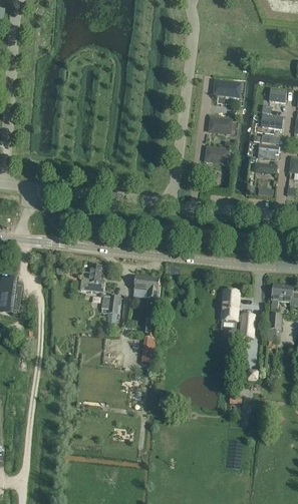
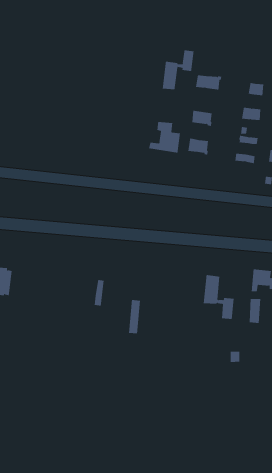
building: none -> [162,49,194,90]
building: none -> [148,121,181,153]
building: [79,264,103,292] -> none
building: [133,276,159,299] -> none

